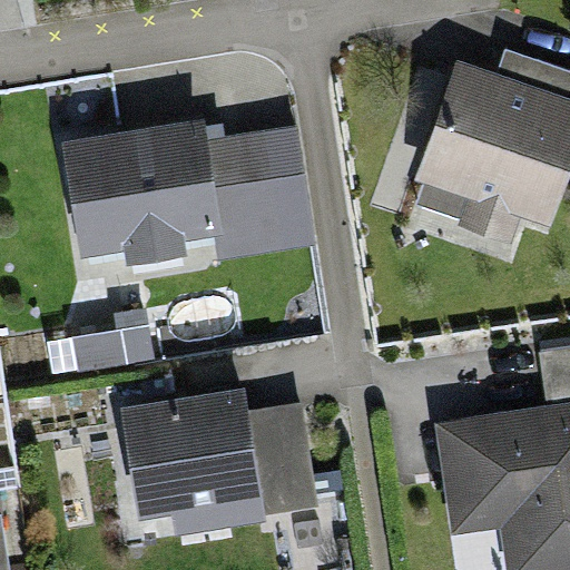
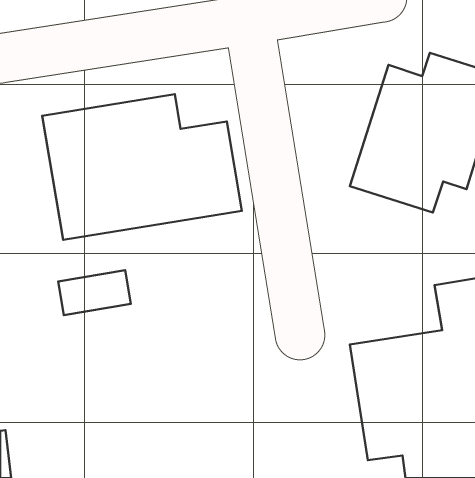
building: [119,382,326,537] -> none

